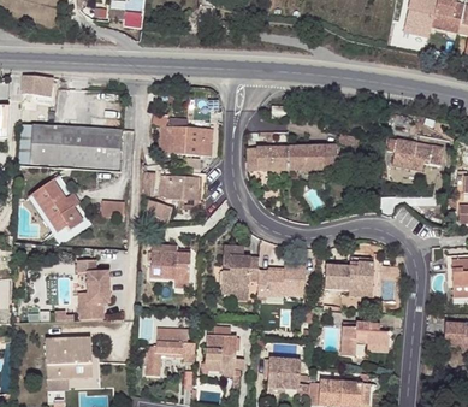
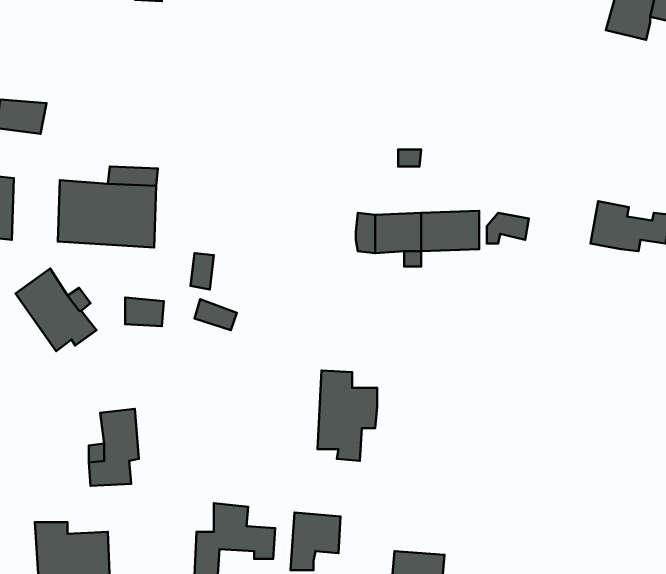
building: [30,124,60,164] -> none
building: [158,126,213,155] -> none
building: [166,175,200,200] -> none
building: [149,250,190,288] -> none
building: [325,261,374,291] -> none
building: [257,264,306,296] -> none
building: [339,322,390,355] -> none

